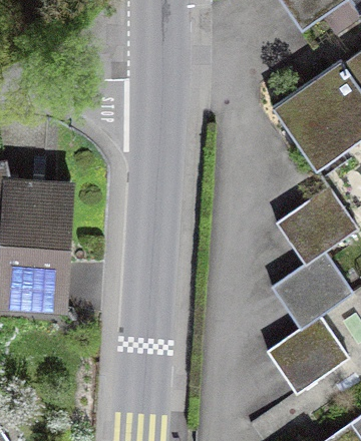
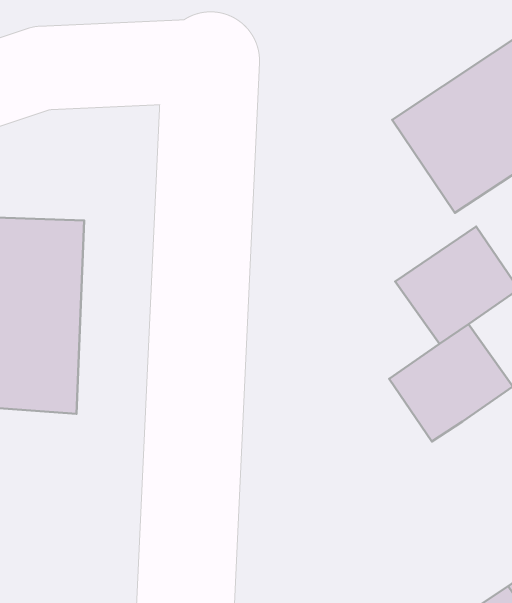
building: [268,314,349,391] -> none

